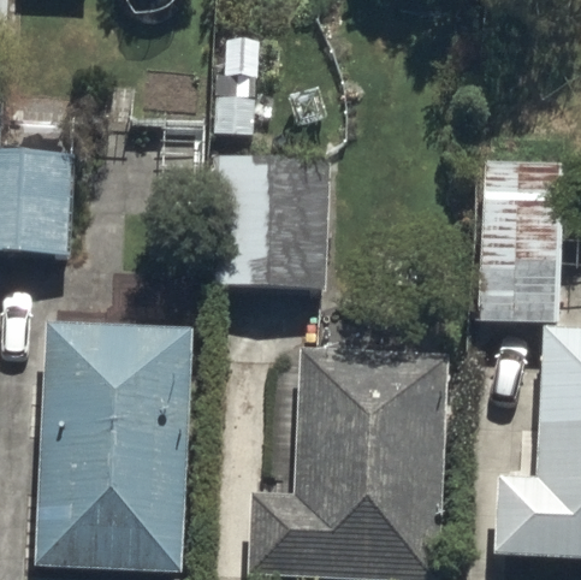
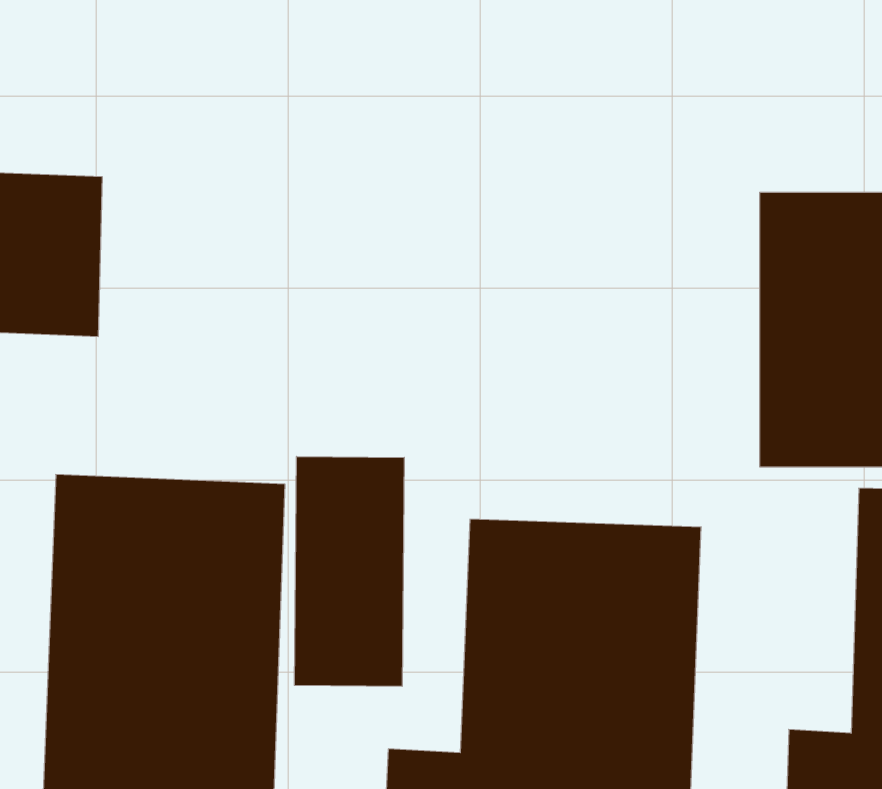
building: [215,166,328,292] -> none
building: none -> [294,456,404,686]

